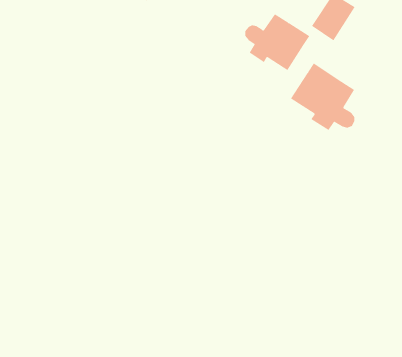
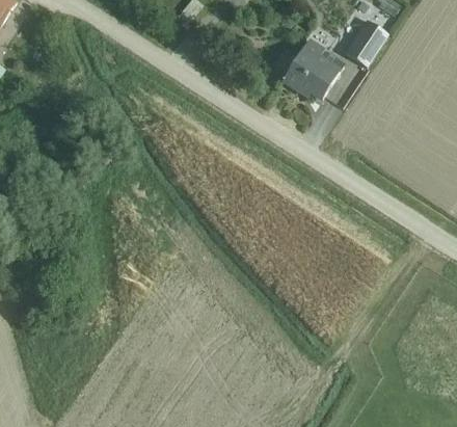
building: [290,62,355,131] -> none

